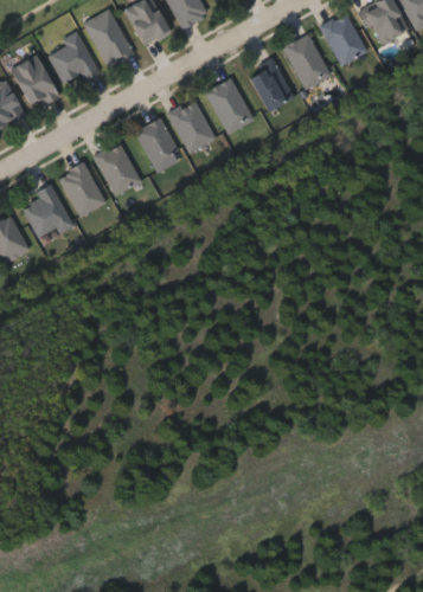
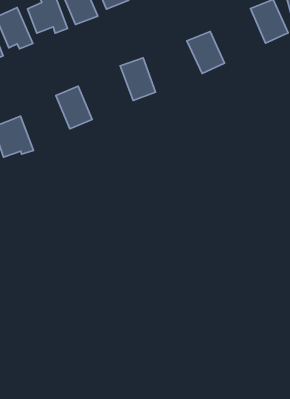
building: [282,33,329,89] -> none
building: [204,77,254,134] -> none
building: [134,117,181,173] -> none
building: [56,162,105,217] -> none

